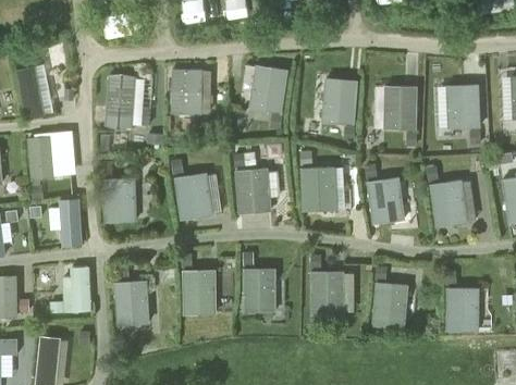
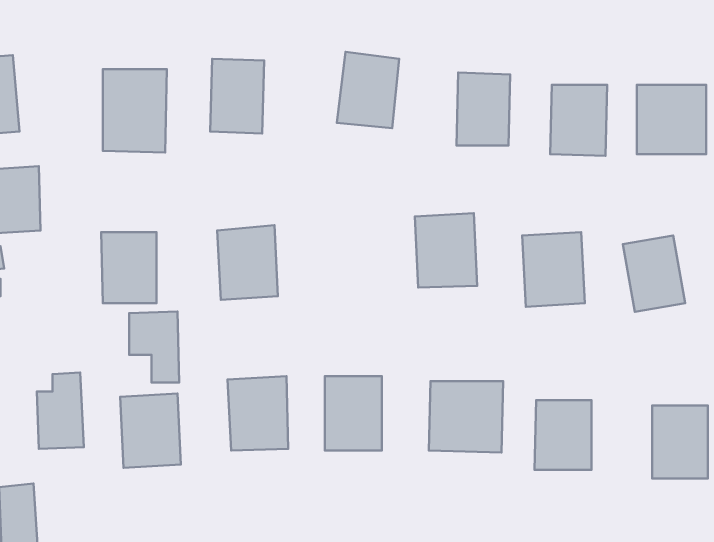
building: [234,167,270,213] -> none
building: [48,201,79,246] -> [129,311,179,383]

